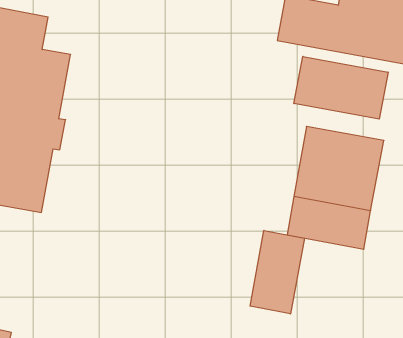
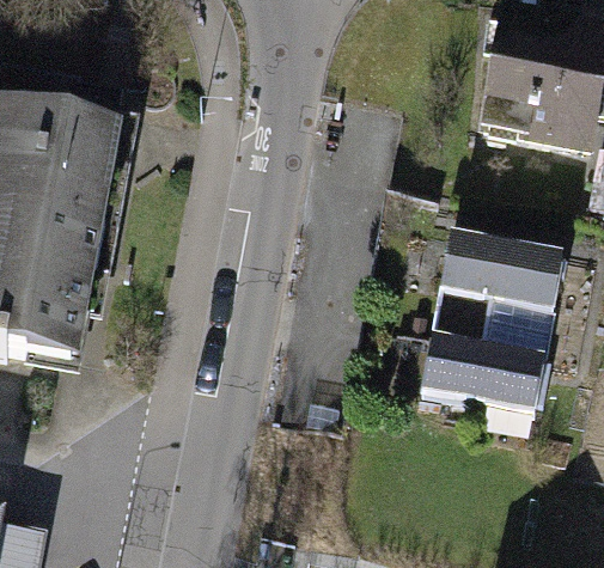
building: [294,56,388,119] -> none
building: [250,230,304,314] -> none

